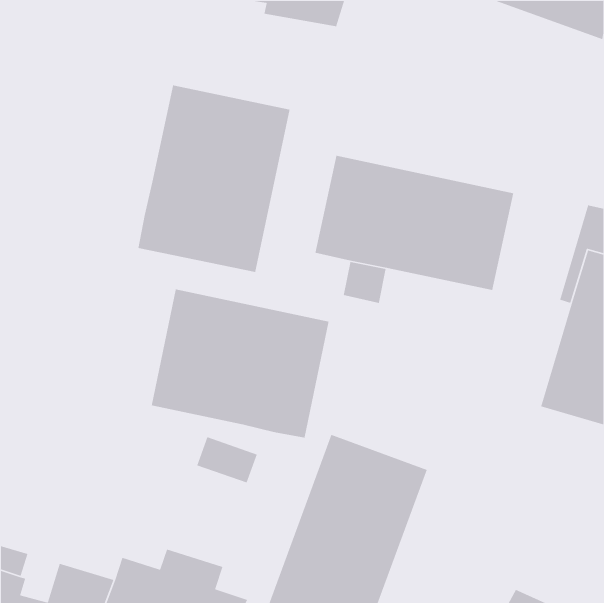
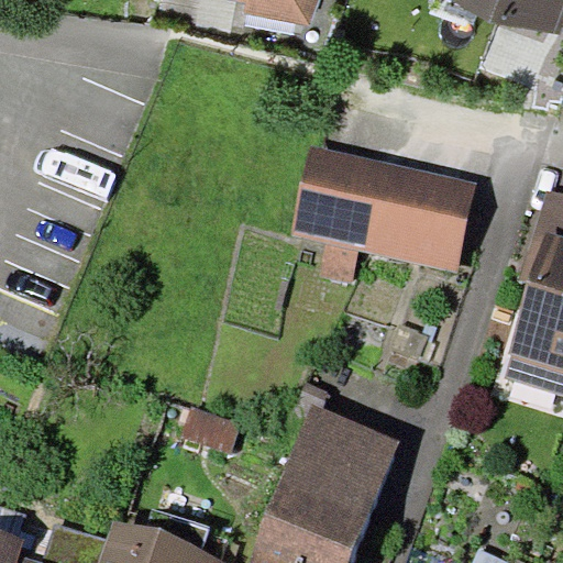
building: [138,85,290,273] -> none
building: [151,288,330,438] -> none

